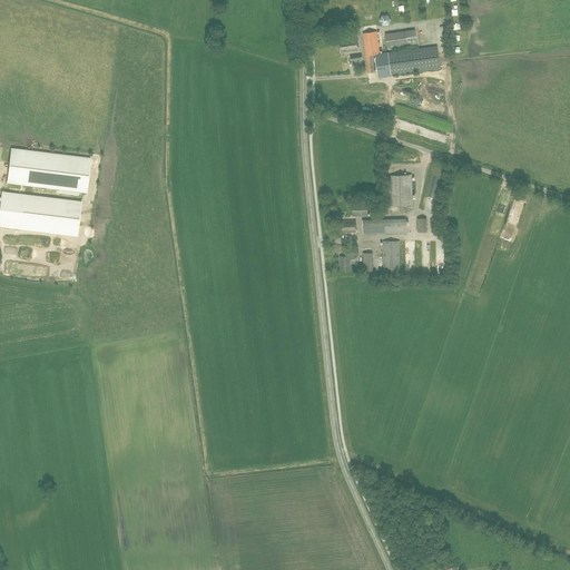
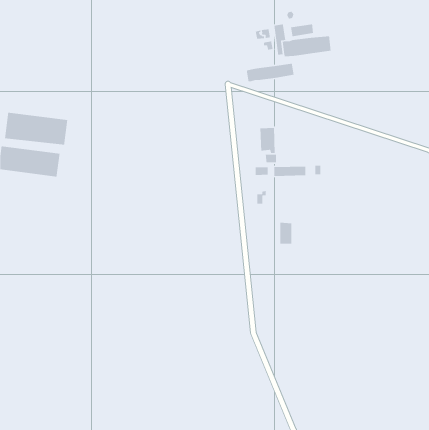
building: none -> [246,63,295,82]
building: [390,174,411,209] -> [260,127,276,154]
building: [382,240,399,271] -> [279,222,292,245]

